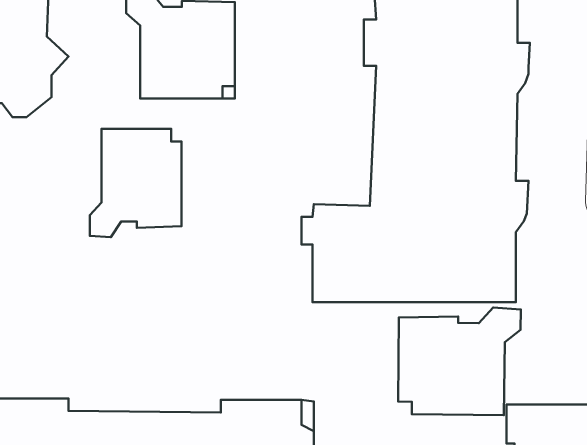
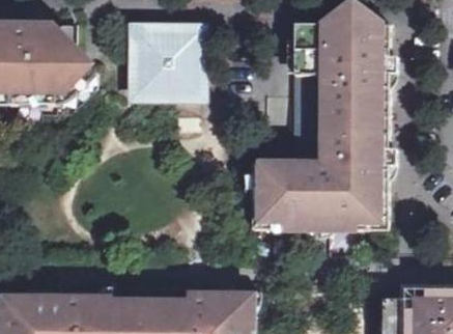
building: [90,129,181,237] -> none
building: [398,308,521,415] -> none

